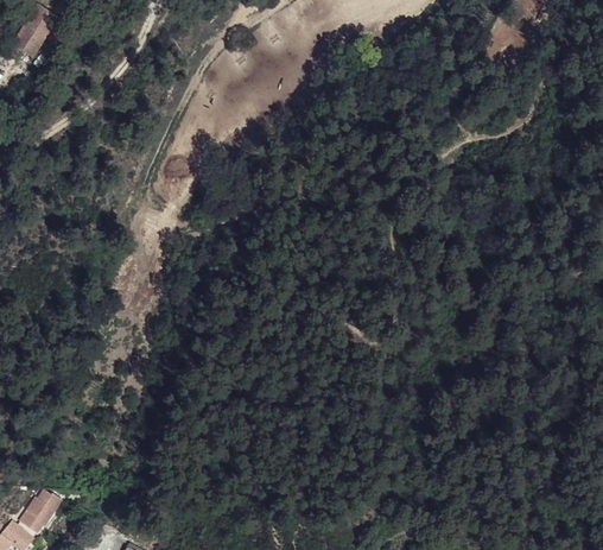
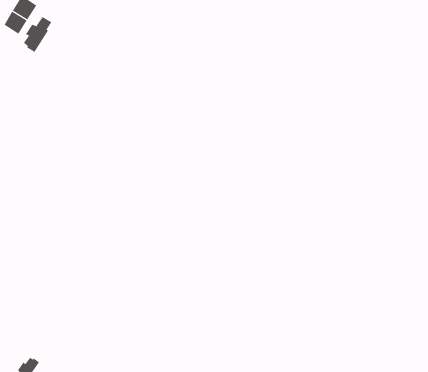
building: none -> [23,16,52,53]

